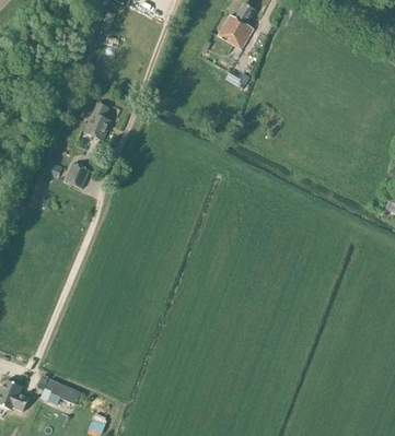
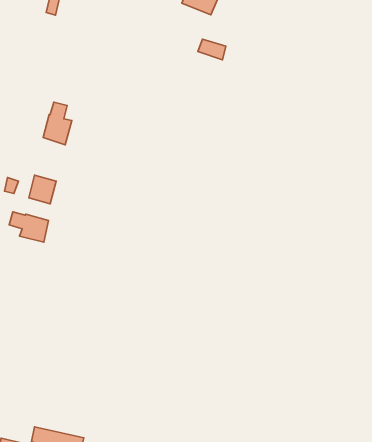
building: none -> [9,212,48,242]

